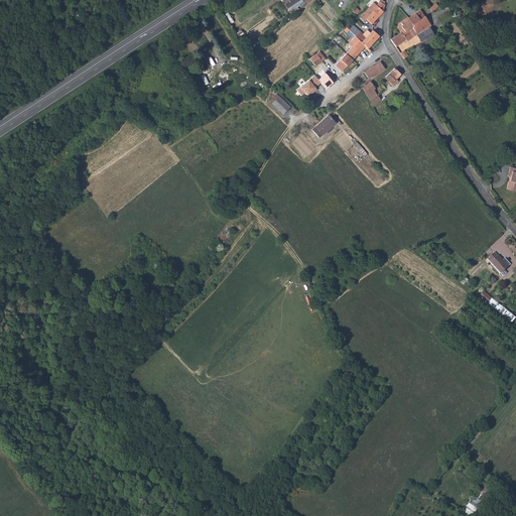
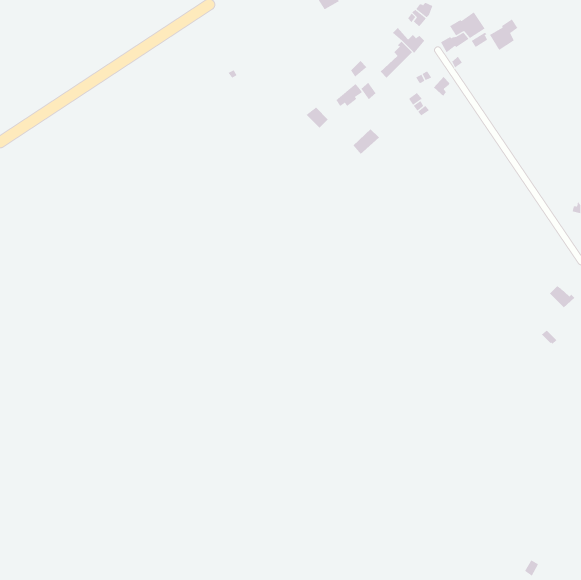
building: none -> [489,18,518,51]

